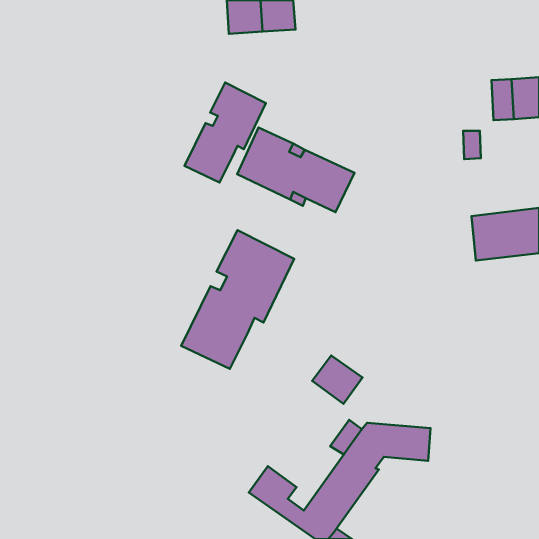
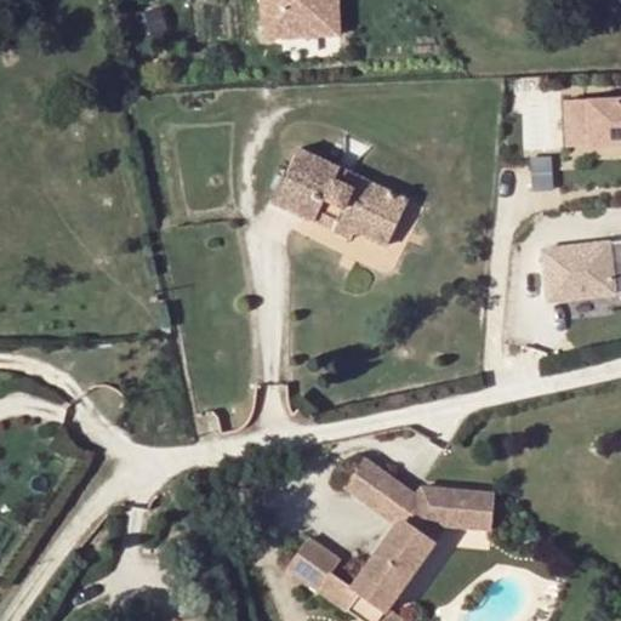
building: [184,83,266,183] -> none
building: [181,230,294,369] -> none
building: [312,355,363,404] -> [343,457,401,513]

